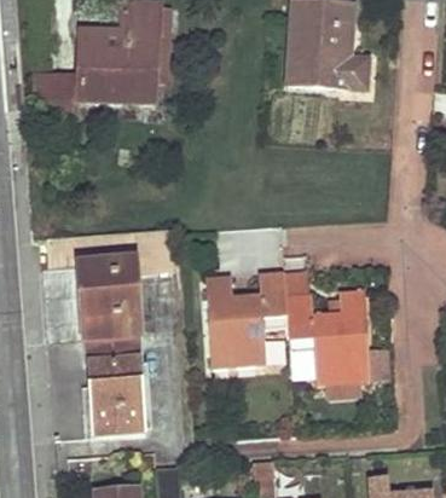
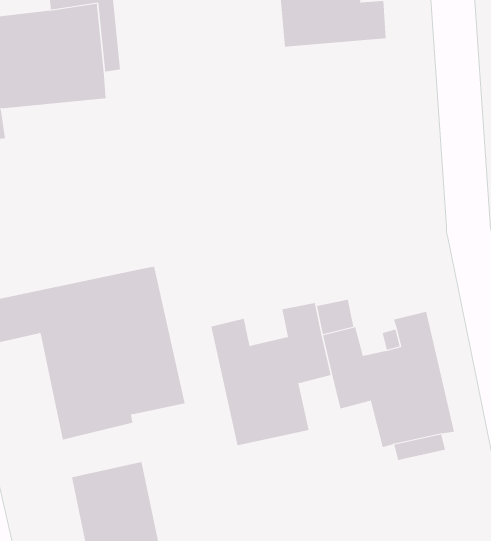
building: [86,340,141,372] -> none

